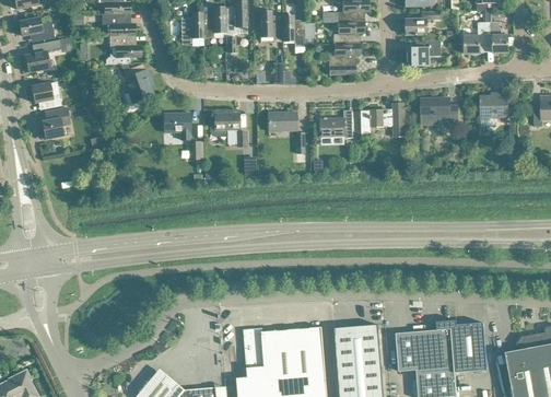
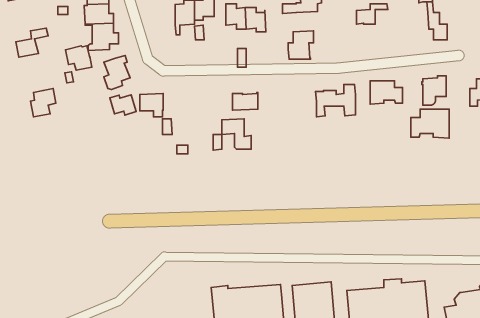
building: [179,13,202,44] -> none
building: [17,17,54,42] -> none
building: [333,21,362,44] -> none
building: [464,22,486,54] -> none
building: [406,39,441,66] -> none
building: [31,82,60,109] -> [65,46,92,70]
building: [317,110,352,138] -> none
building: [213,113,246,147] -> [222,119,251,149]
building: none -> [110,95,136,115]
building: none -> [411,109,449,138]

